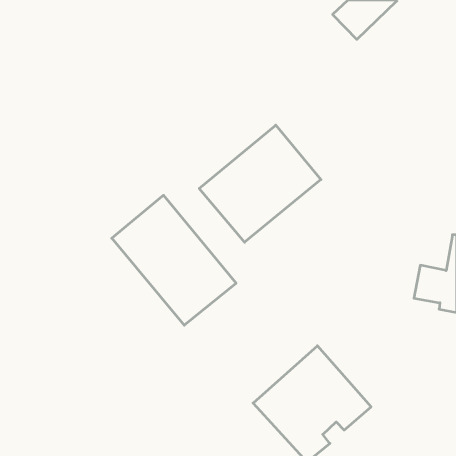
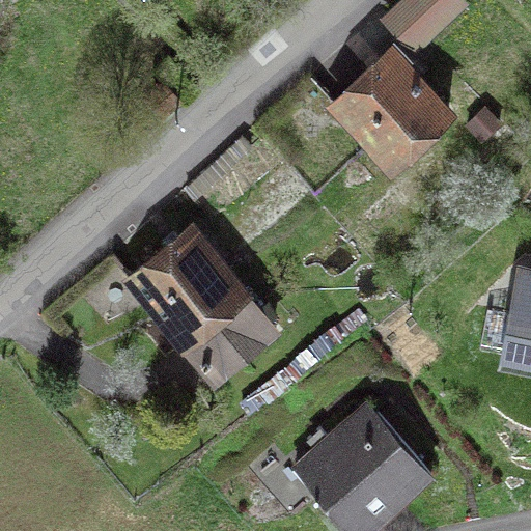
building: none -> [335,51,448,165]
building: [199,125,321,242] -> none

